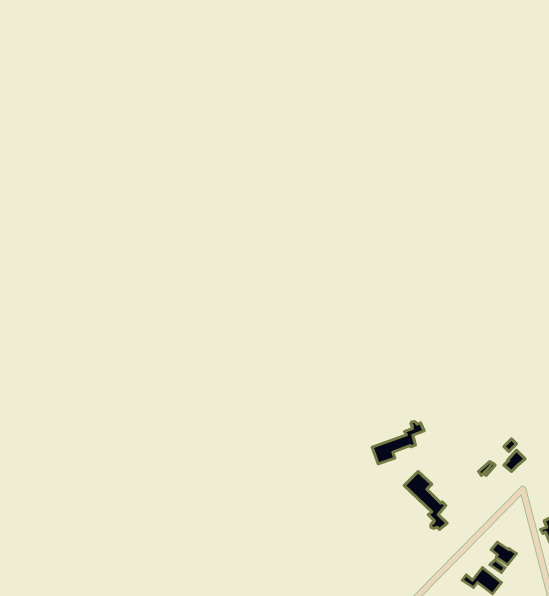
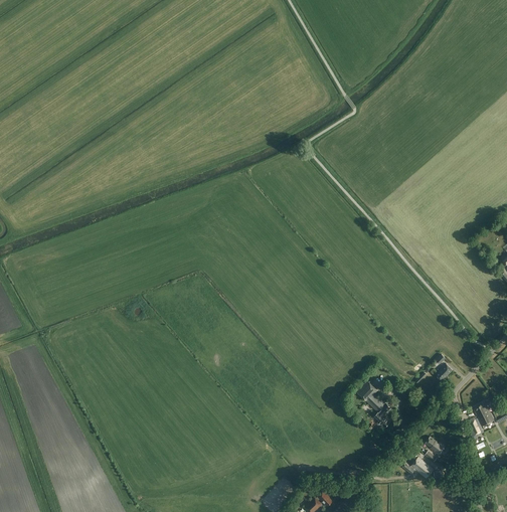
building: [372,422,424,464] -> none

